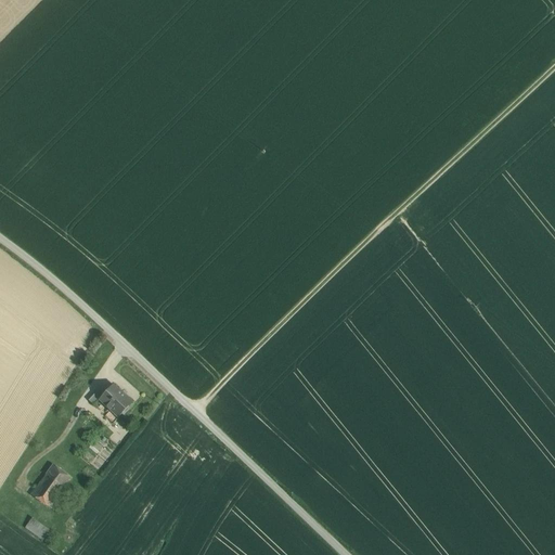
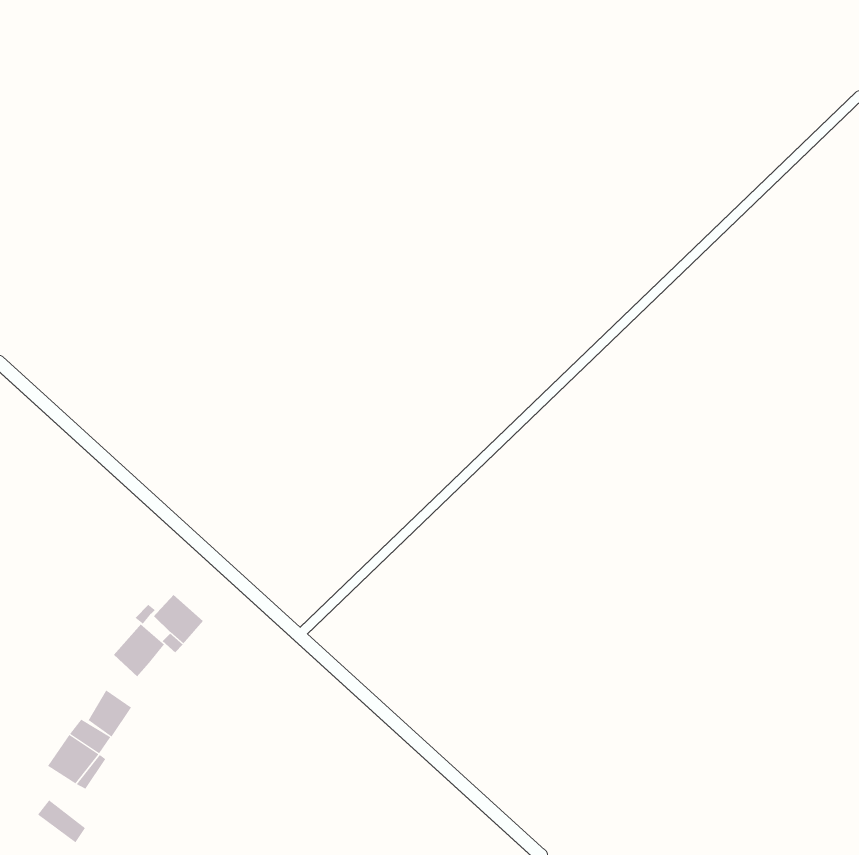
building: none -> [113,624,165,677]
building: none -> [88,690,132,737]

